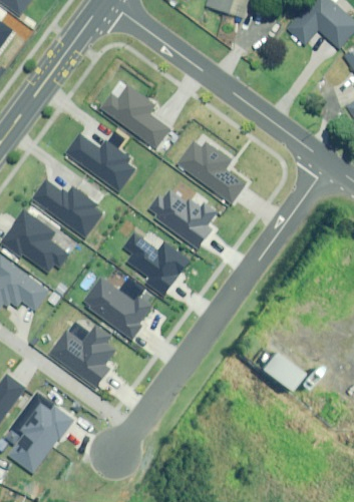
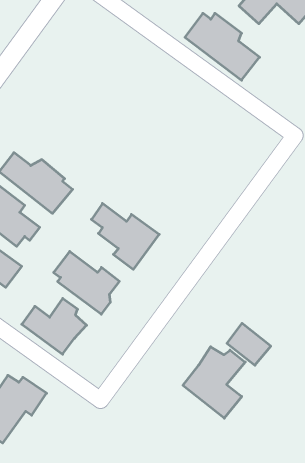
building: [99,85,172,149] -> none
building: [66,132,137,192] -> none
building: [174,139,250,206] -> [185,13,260,80]
building: [147,191,216,248] -> none
building: none -> [183,347,245,418]

